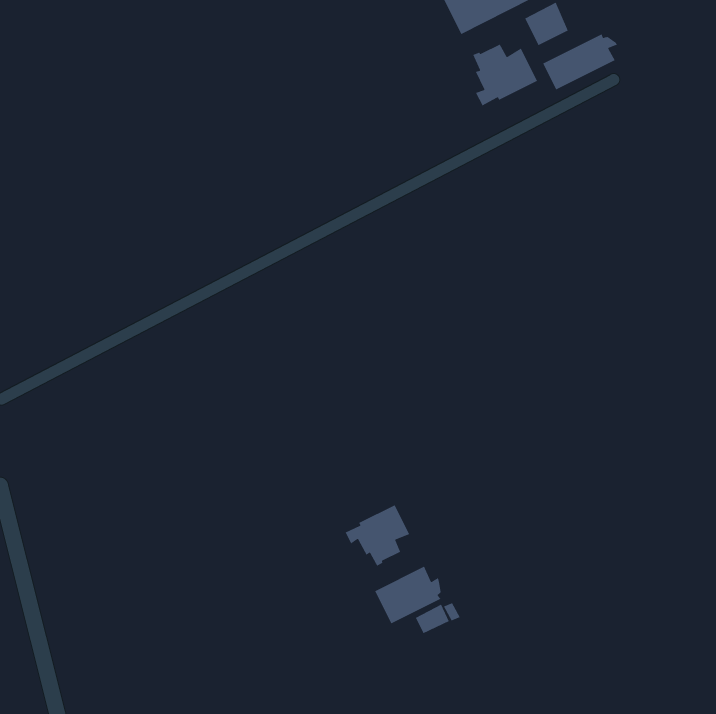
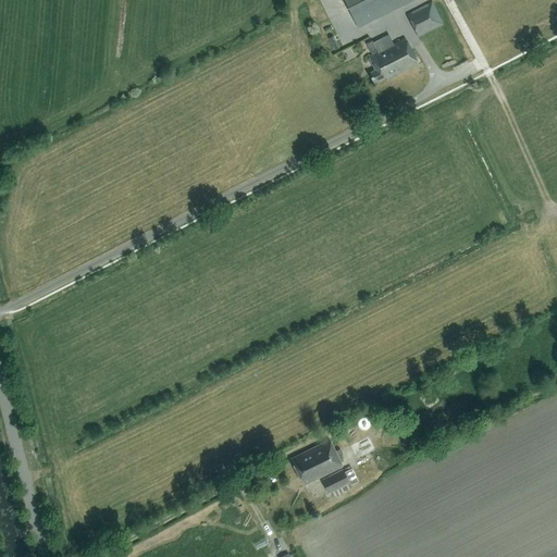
building: [542,33,618,91] -> none
building: [344,504,410,567] -> none

